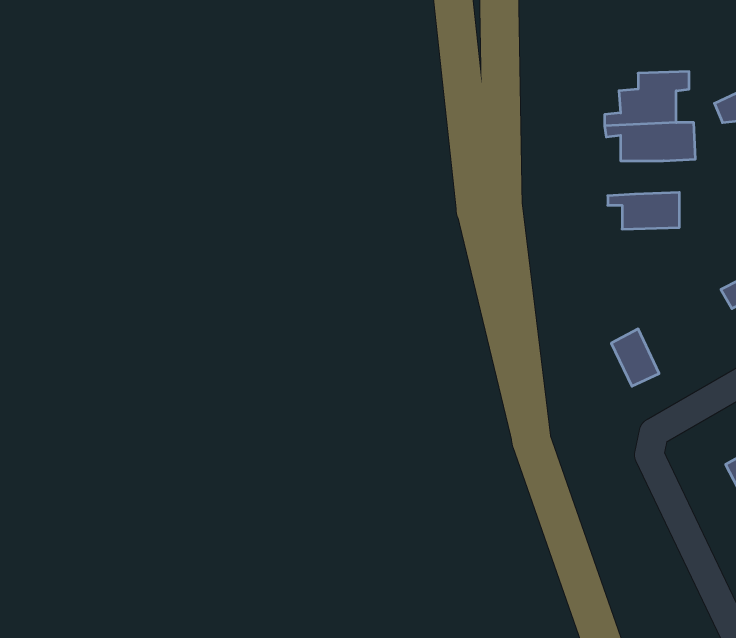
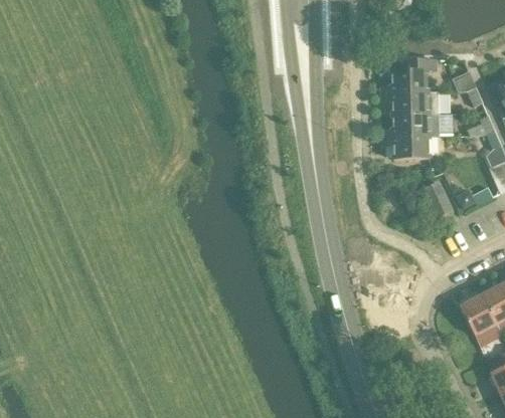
building: none -> [385,115,442,138]
building: [611,329,659,386] -> [424,182,454,218]

